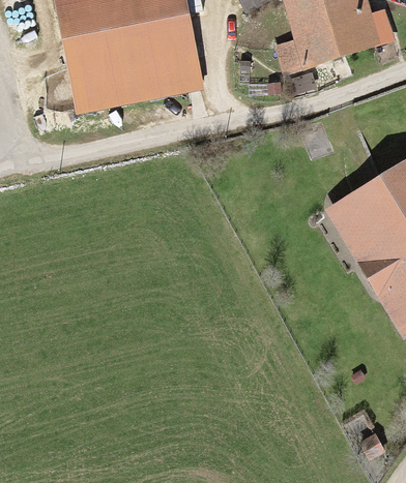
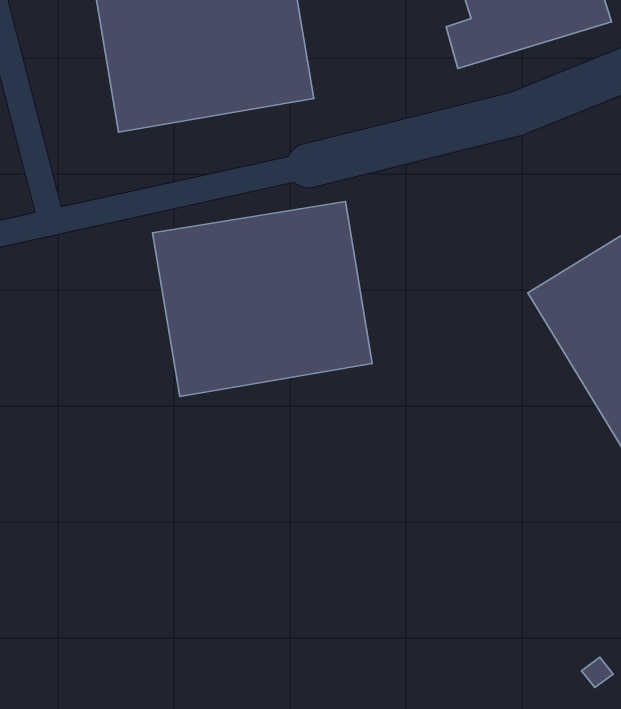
building: none -> [153,201,372,396]

